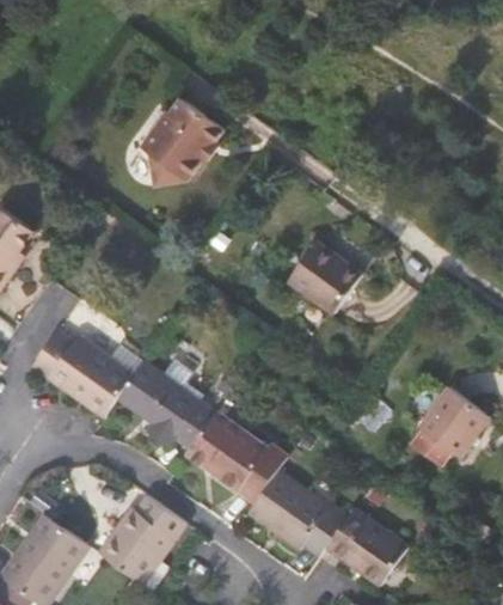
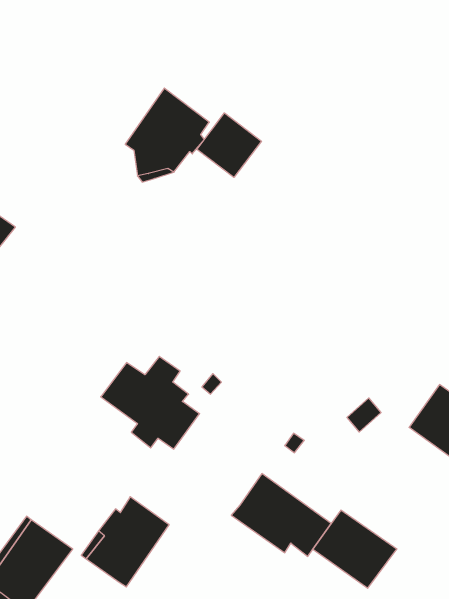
building: none -> [197,113,261,177]
building: [286,239,361,314] -> none
building: [32,332,142,417] -> none
building: [185,411,287,505] -> none

